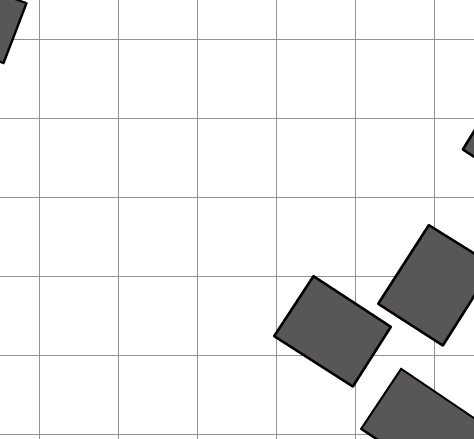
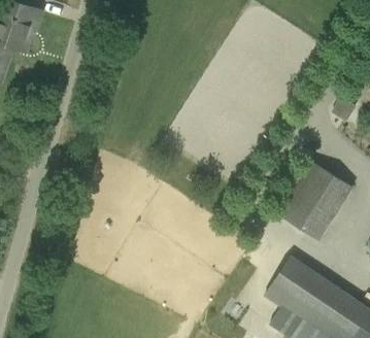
building: [274,276,391,387] -> none

